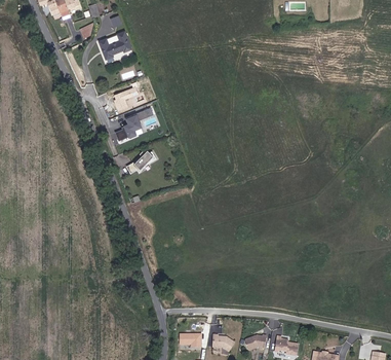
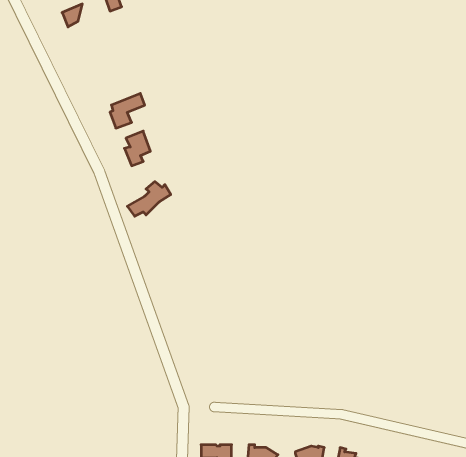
building: [99,31,134,61] -> none

